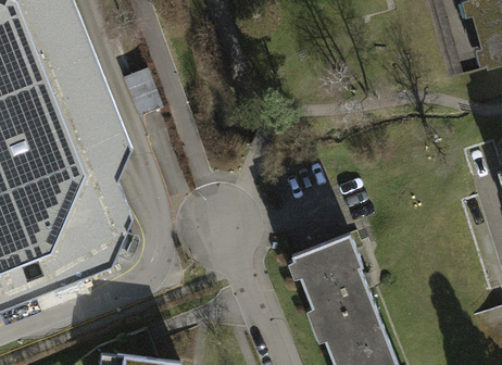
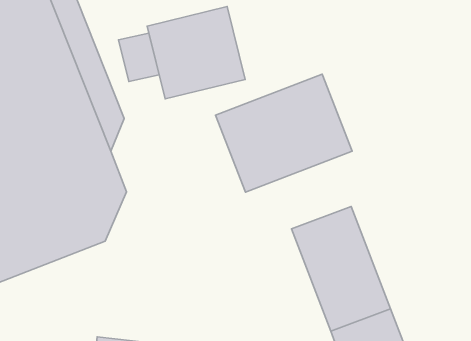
building: none -> [147,7,245,99]
building: none -> [215,74,352,192]

